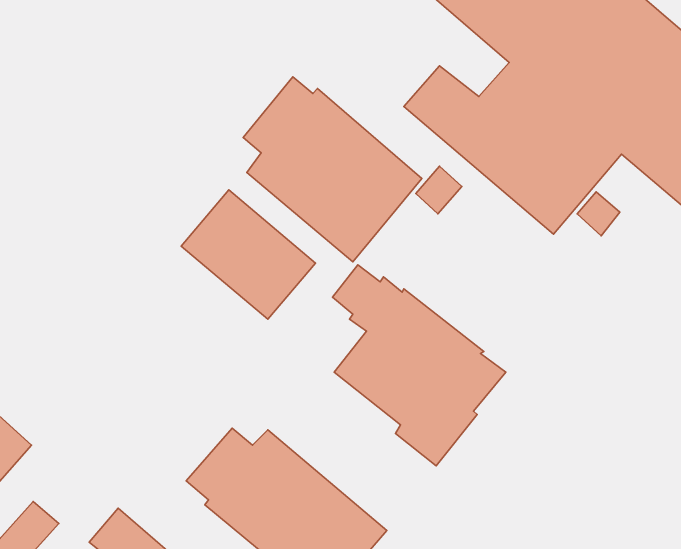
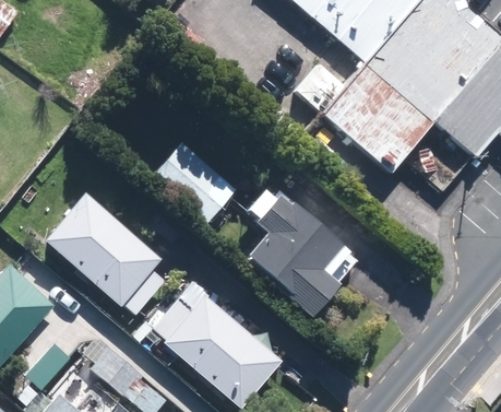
building: [243,77,422,262] -> none
building: none -> [41,191,165,313]

